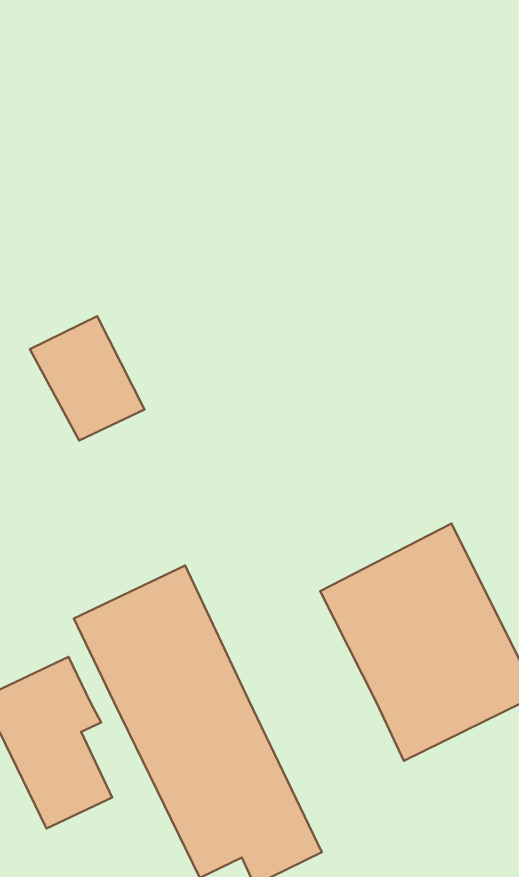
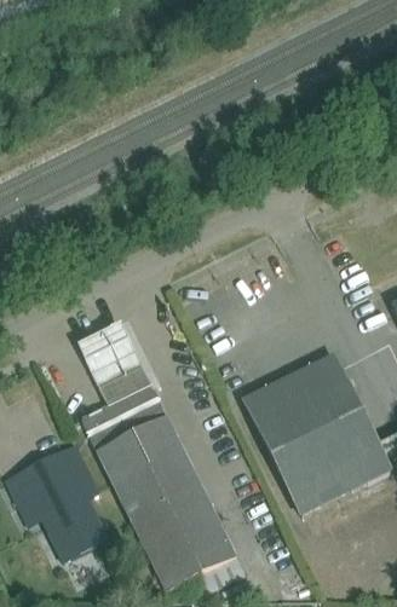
building: [30,316,145,440] -> [75,324,151,406]

